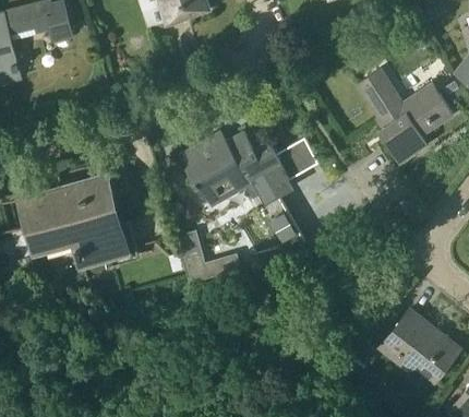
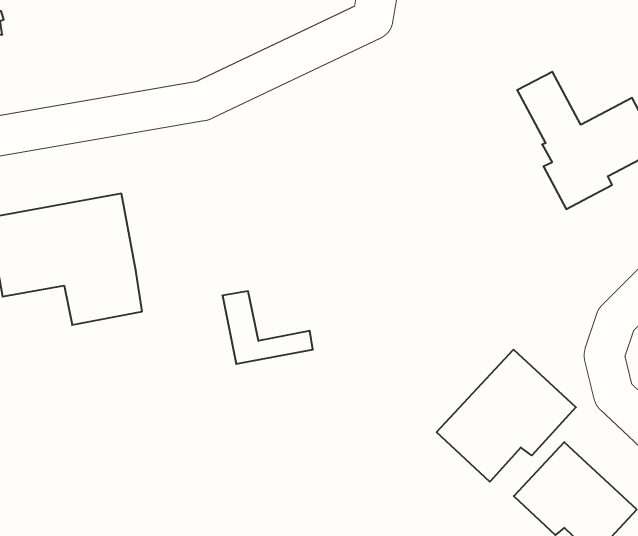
building: [179,131,316,247] -> none
building: none -> [437,350,576,482]

